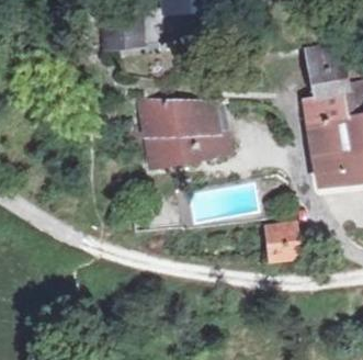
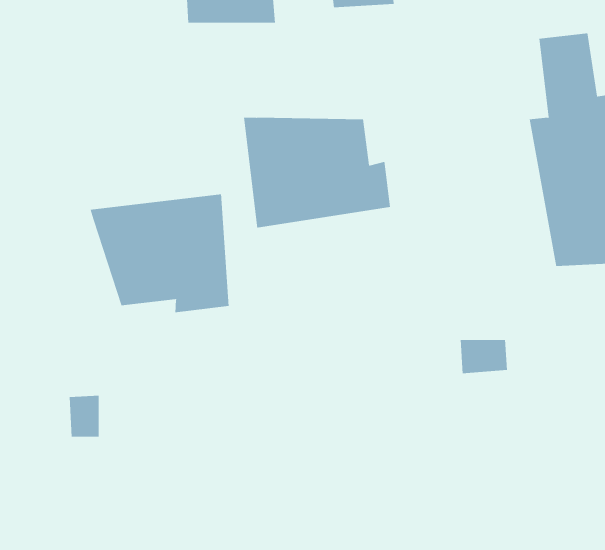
building: none -> [90,193,229,313]

